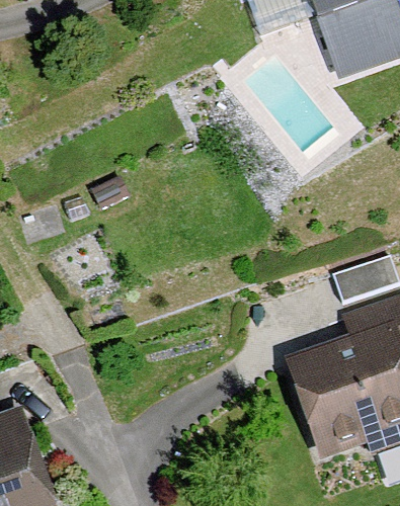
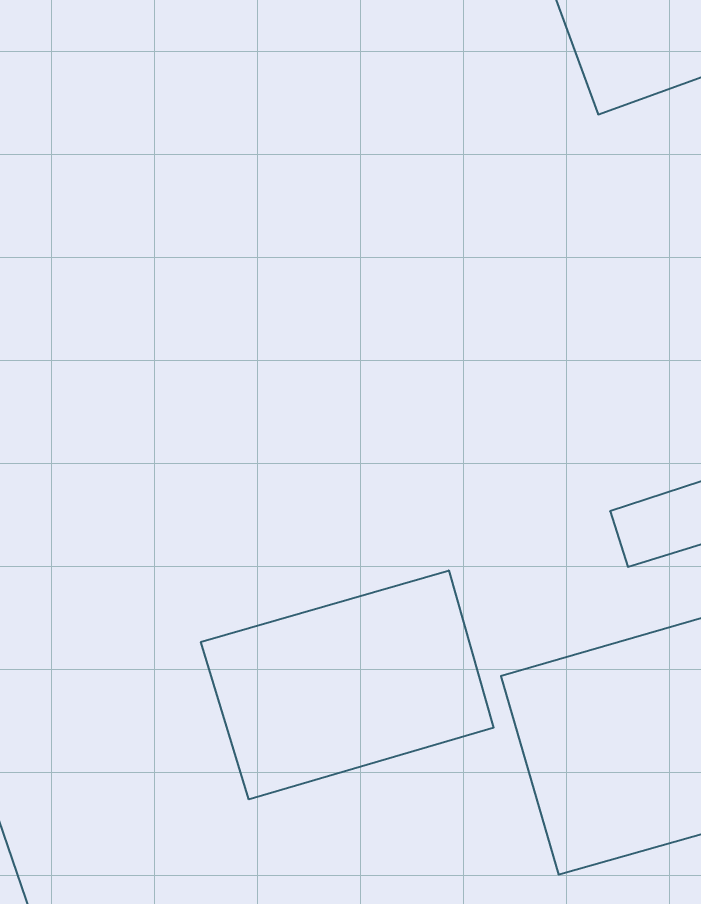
building: none -> [201,570,494,799]

